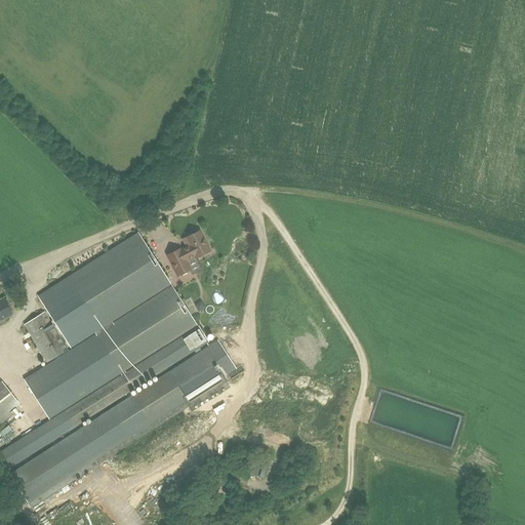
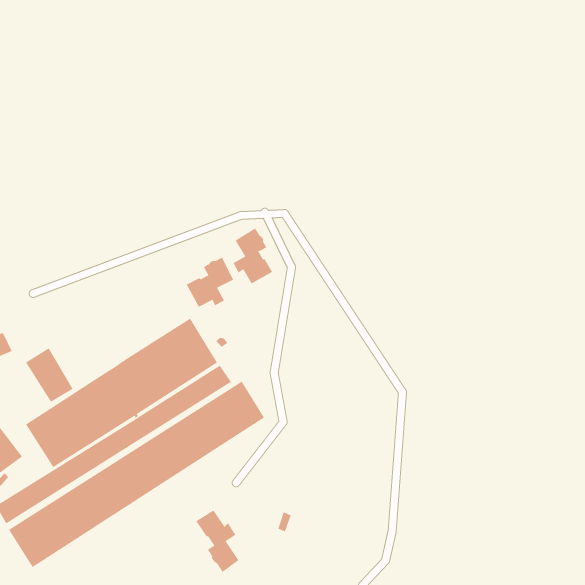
building: none -> [233,228,273,284]
building: [37,232,169,348] -> none
building: none -> [196,510,239,573]

